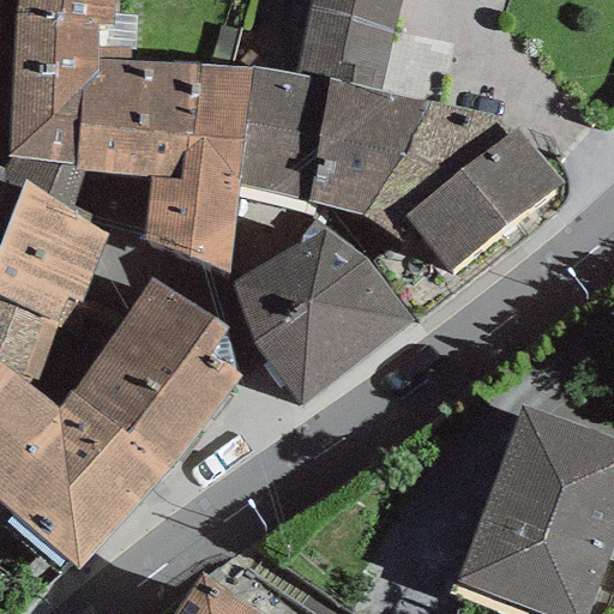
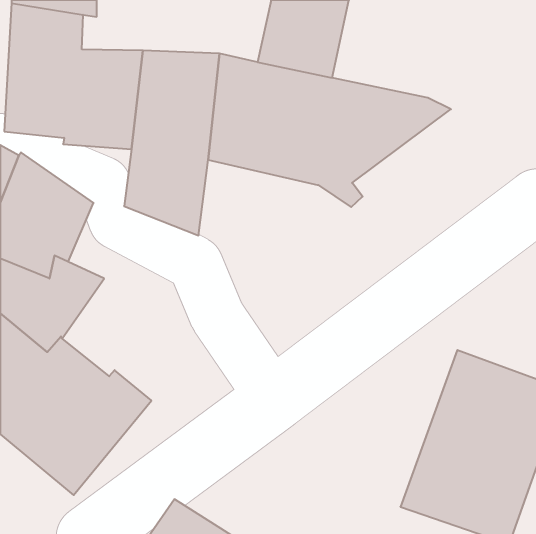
building: [403,128,564,271] -> none
building: [231,225,411,405] -> none
building: [72,279,241,460] -> none

